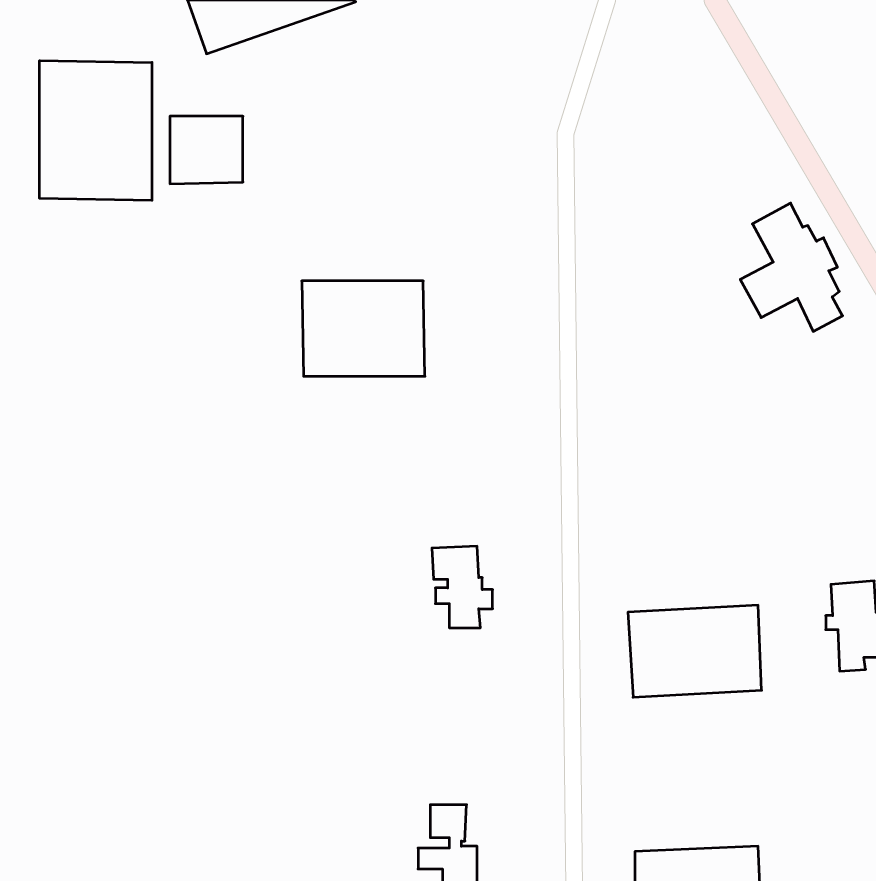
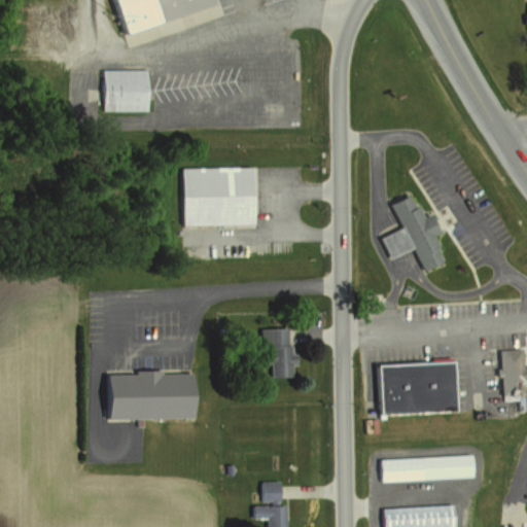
building: [40,61,152,200] -> none
building: [740,203,843,331] -> [381,192,442,269]
building: none -> [111,373,196,420]
building: none -> [379,455,472,483]

